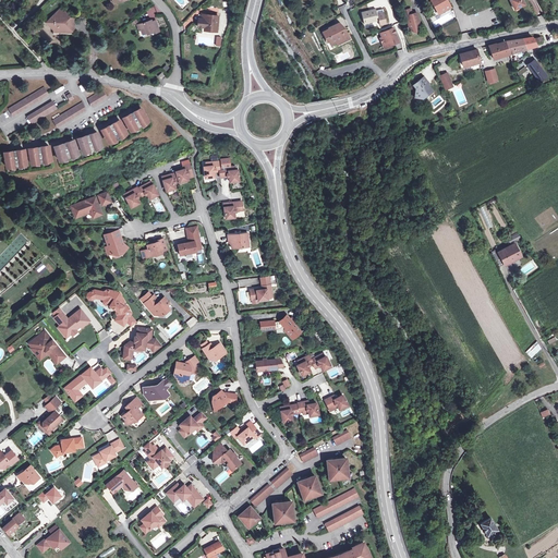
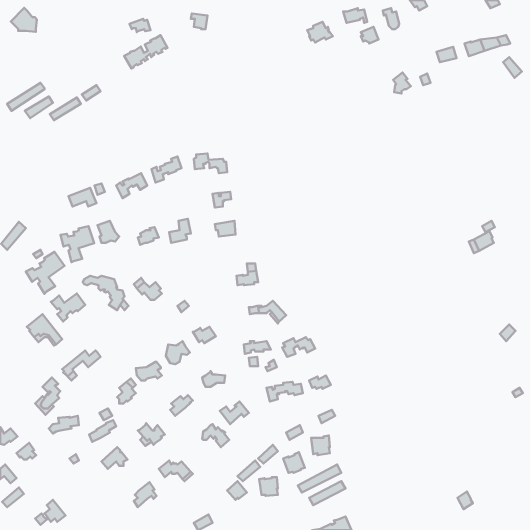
building: [46,8,73,33] -> [11,8,37,32]
building: [101,107,147,142] -> [124,35,168,68]
building: [54,132,101,160] -> none
building: [4,145,51,168] -> none
building: none -> [60,226,94,262]
building: none -> [26,252,65,294]
building: [123,327,160,361] -> none

